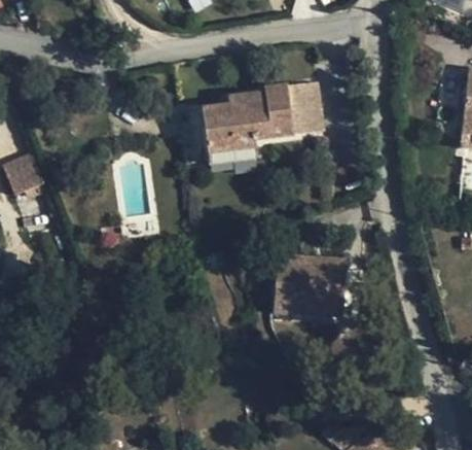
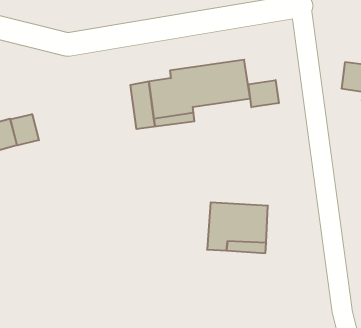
building: none -> [248,80,279,107]
building: none -> [10,114,39,145]

